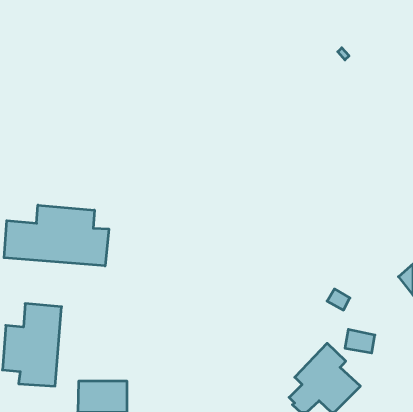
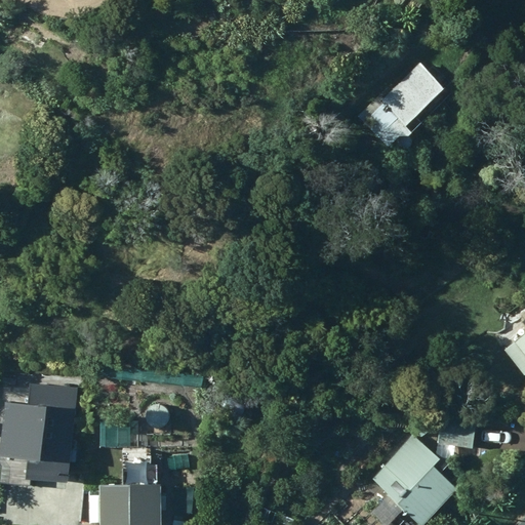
building: none -> [369,62,444,129]
building: [4,205,109,266] -> none

